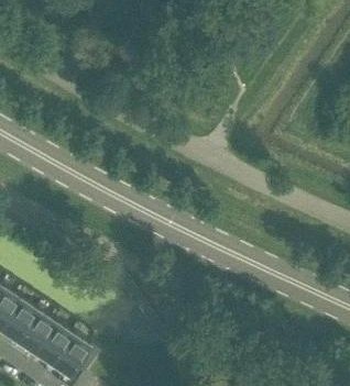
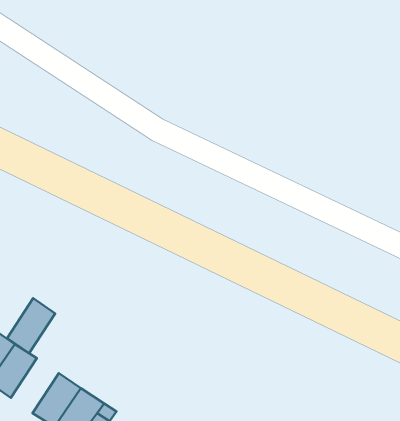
building: [12,308,51,352] -> [7,298,55,353]

